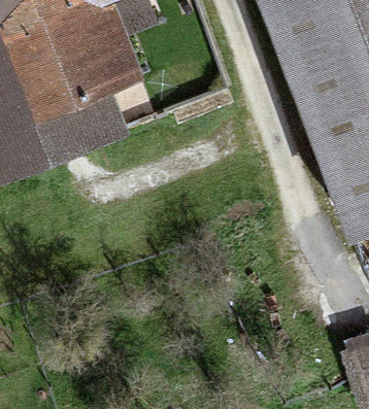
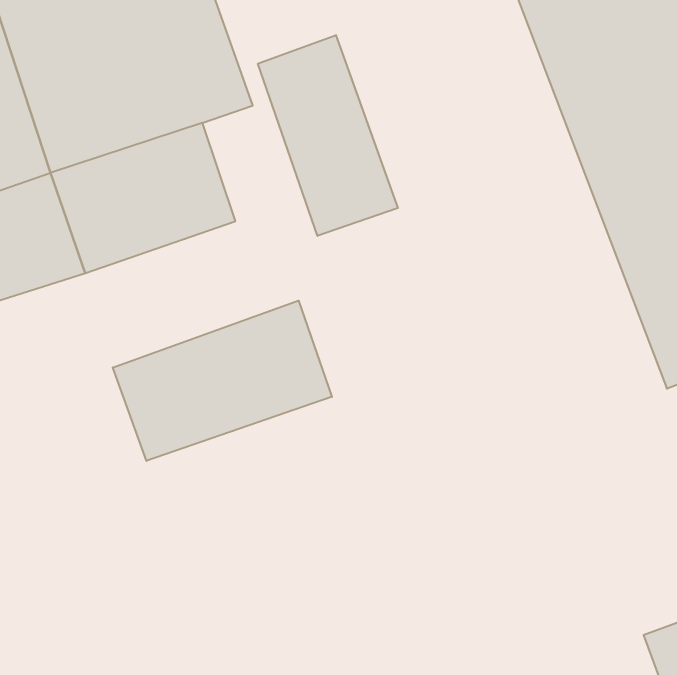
building: none -> [258,35,398,236]
building: none -> [113,301,332,461]

